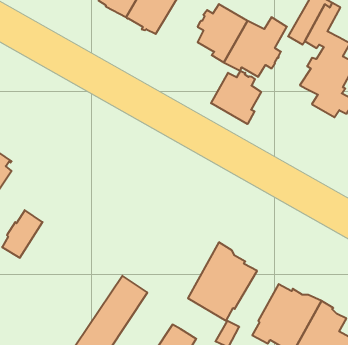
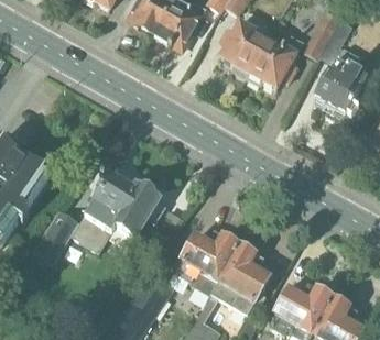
building: [211,71,261,124] -> none
building: none -> [73,171,165,251]
building: none -> [176,229,240,293]

